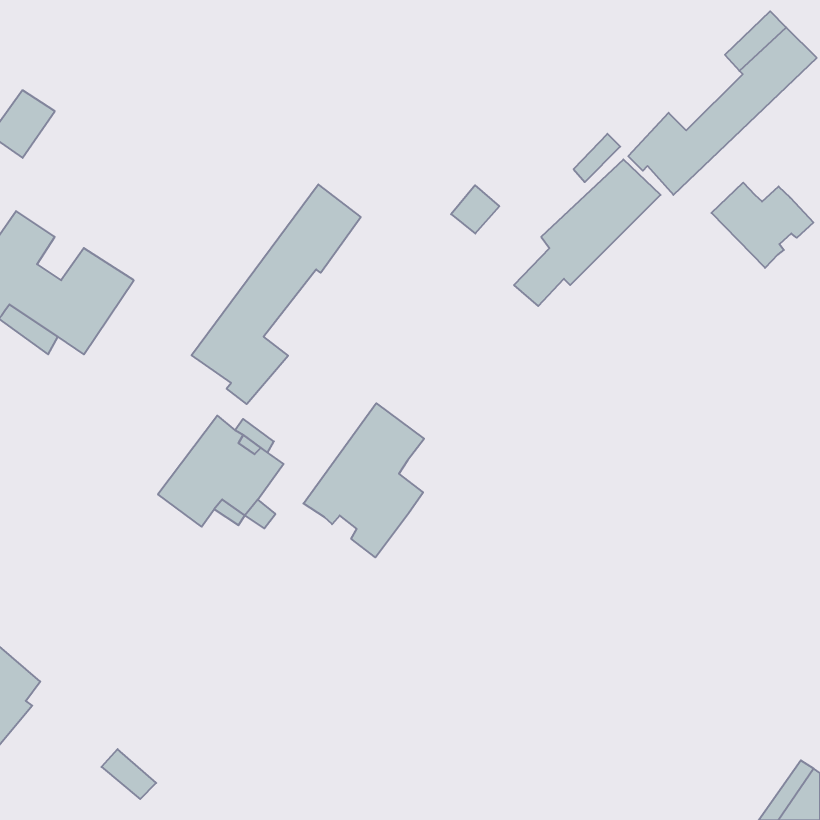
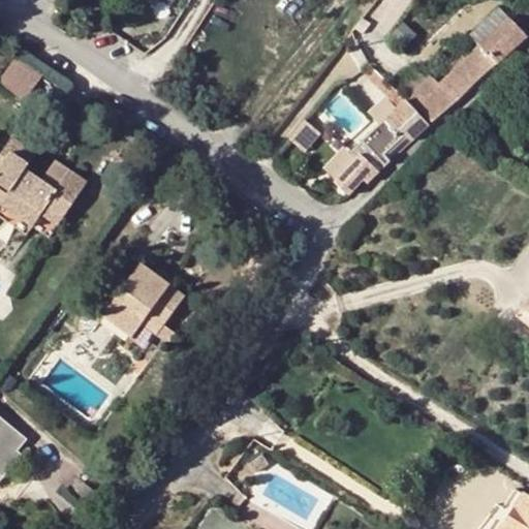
building: [711,183,813,268] -> none
building: [192,184,361,404] -> none
building: [303,403,424,557] -> none

